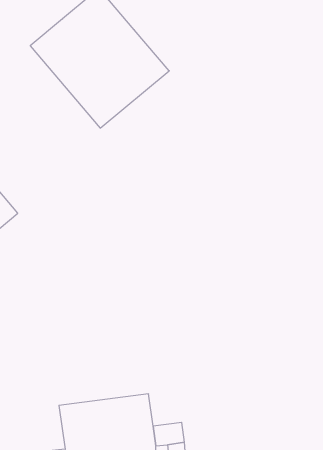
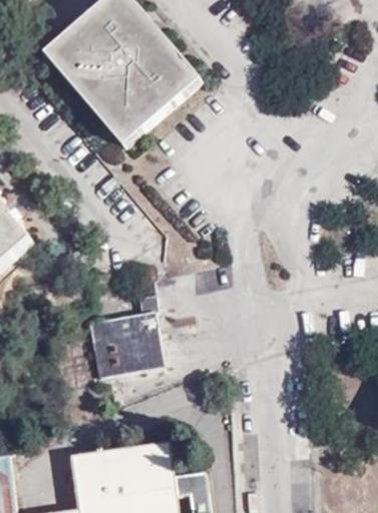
building: none -> [90,291,162,374]

